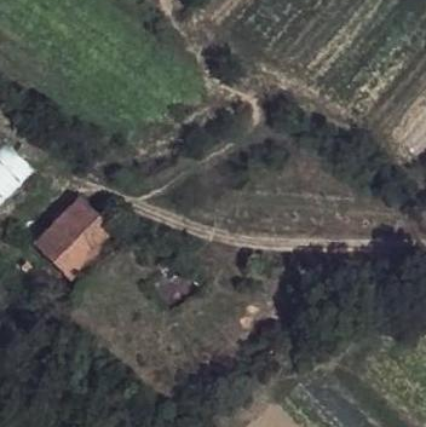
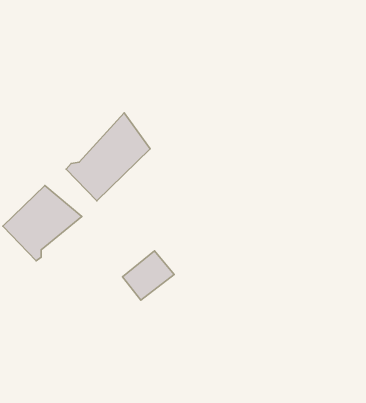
building: none -> [66,113,150,201]

